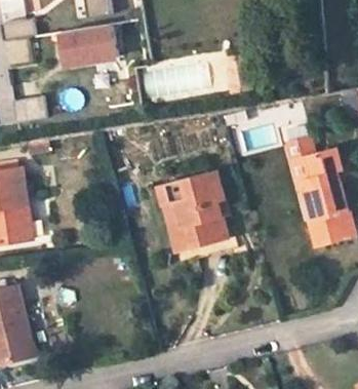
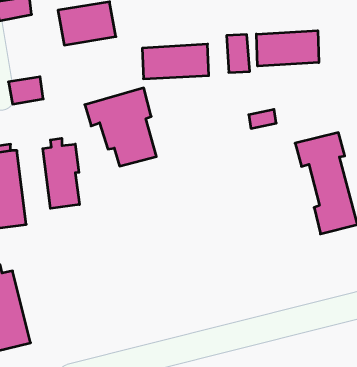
building: none -> [256,31,319,66]
building: none -> [43,138,79,208]
building: [162,172,232,248] -> [85,88,156,166]

